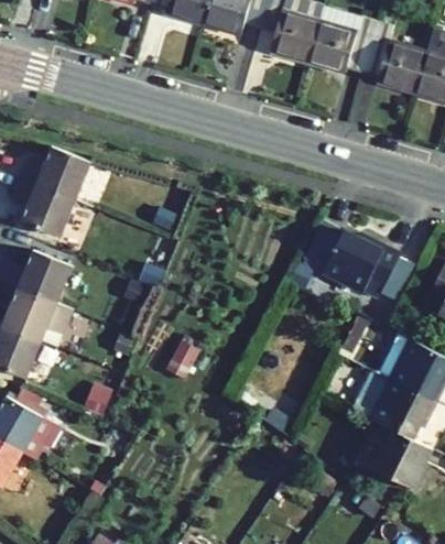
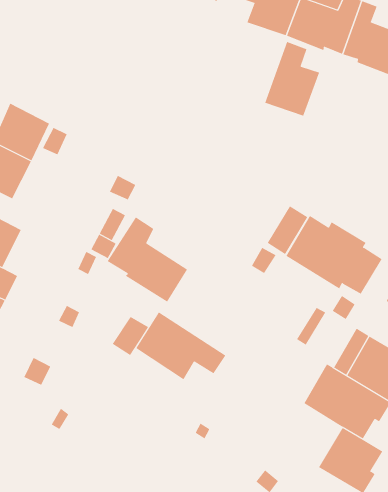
building: none -> [265,41,320,116]
building: none -> [107,217,188,303]
building: none -> [136,311,226,380]

